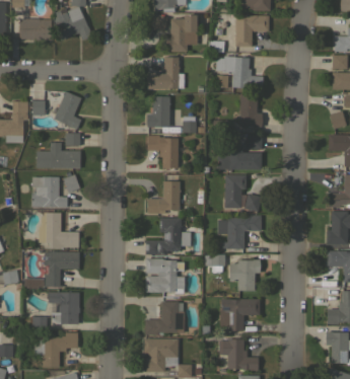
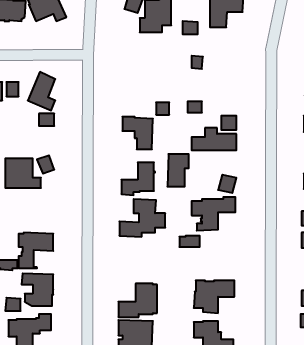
building: [215,57,263,91] -> none
building: [148,58,185,89] -> none
building: [239,95,262,127] -> none
building: [147,96,169,129] -> none
building: [37,143,80,168] -> none
building: [224,175,246,208] -> [167,154,189,187]
building: [39,213,79,248] -> none
building: [145,258,185,293] -> none
building: [229,259,262,291] -> none

